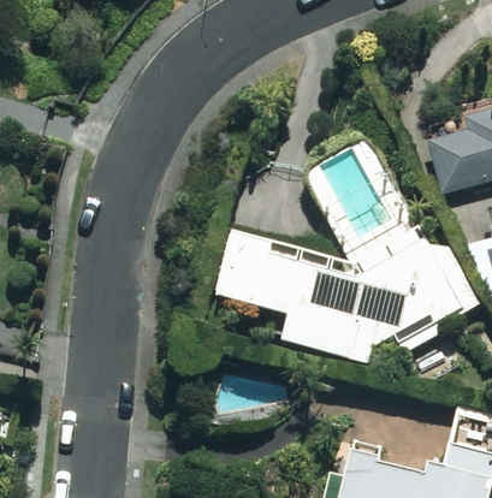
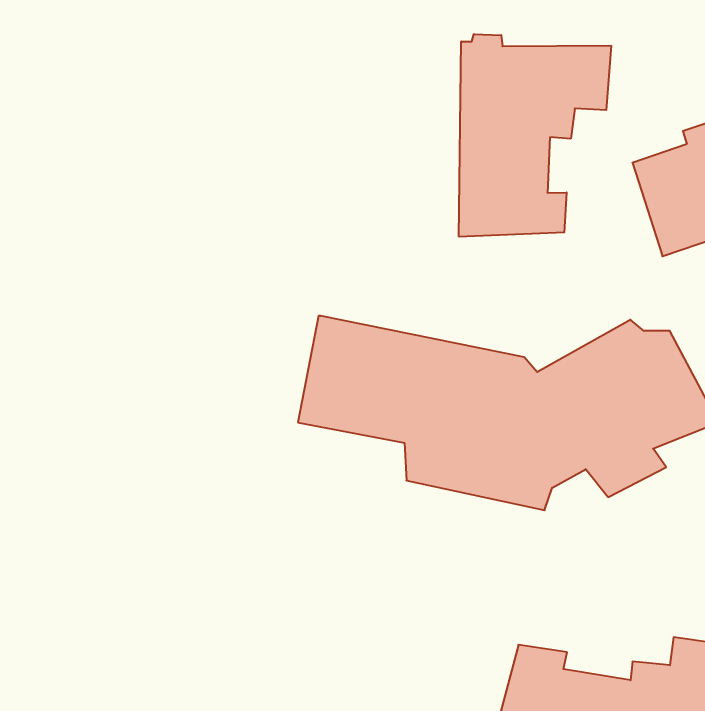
building: none -> [459,34,611,237]

